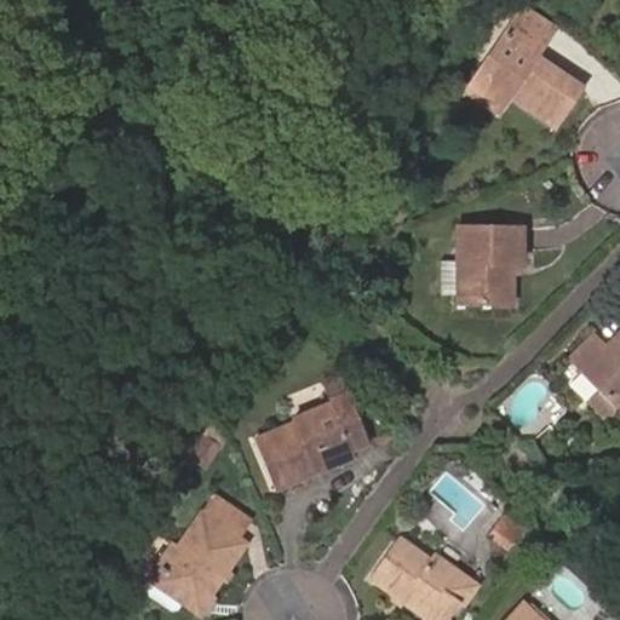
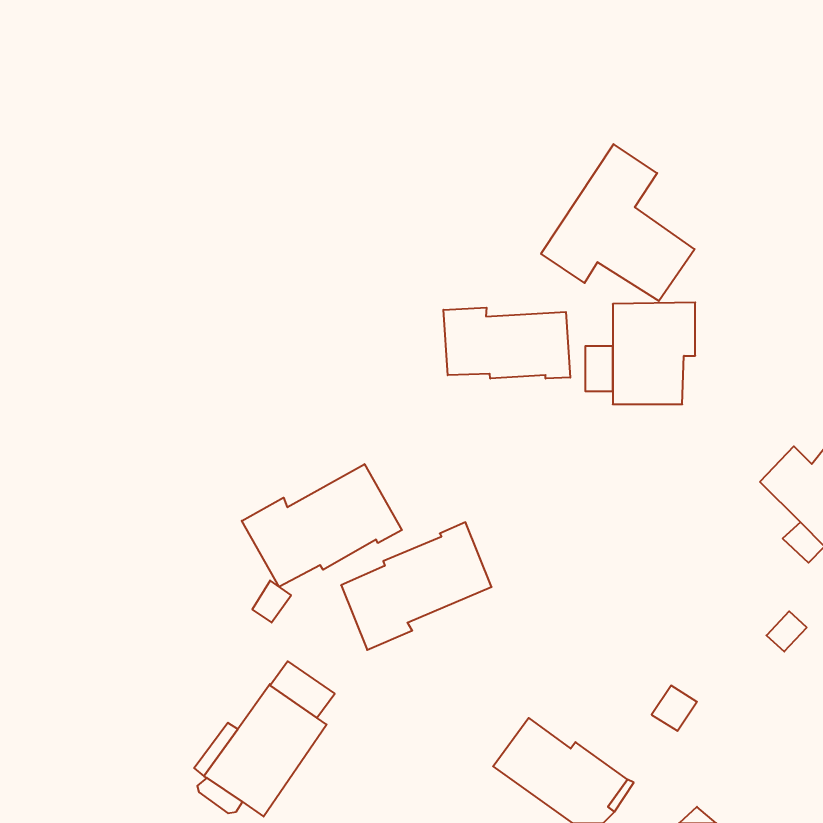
building: [469,8,584,126] -> [541,144,695,301]
building: none -> [443,308,570,379]
building: none -> [242,464,402,587]

